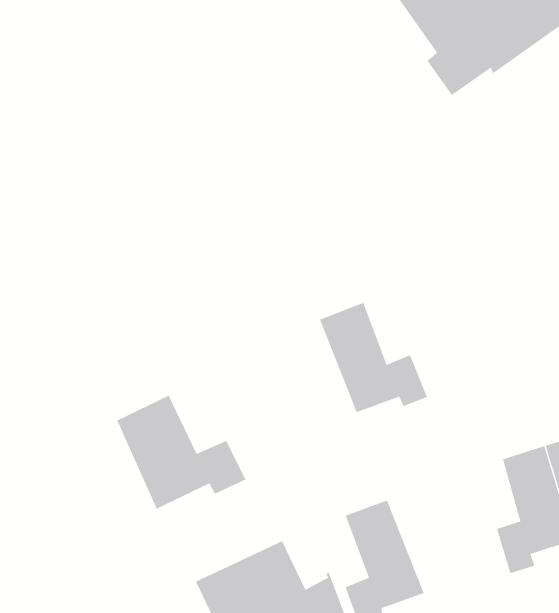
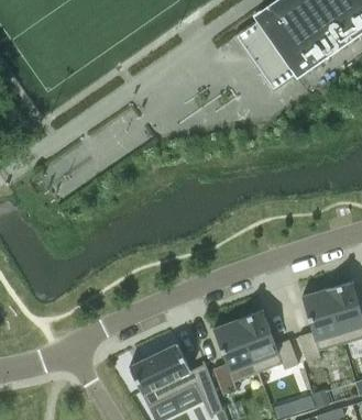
building: [319,302,428,413] -> [238,310,299,373]
building: [116,395,246,509] -> none

